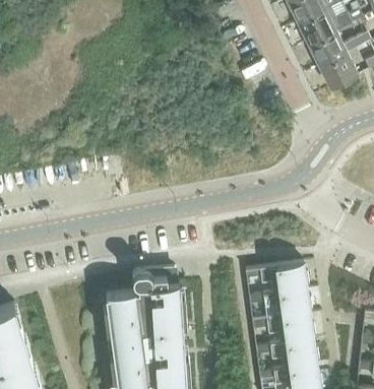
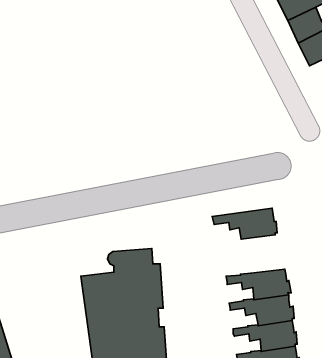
building: [244,263,308,294] -> [212,208,277,239]

